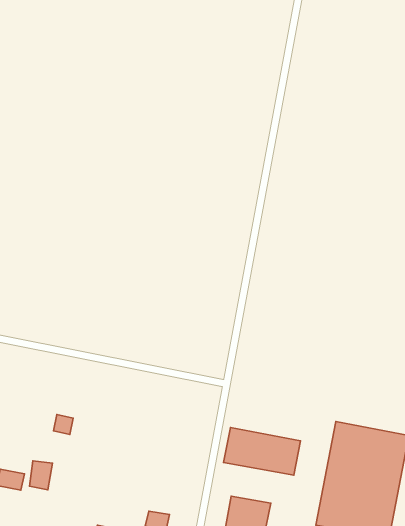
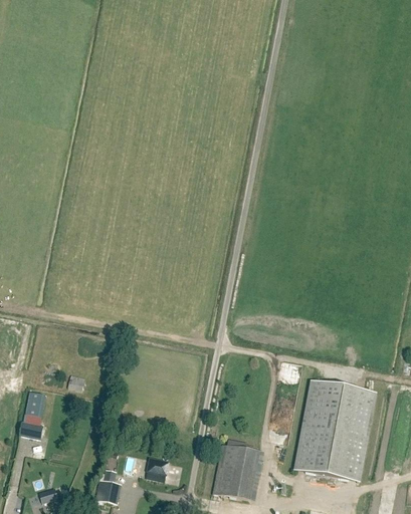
building: [223,427,300,475] -> none
building: [29,461,53,490] -> [26,392,46,417]

